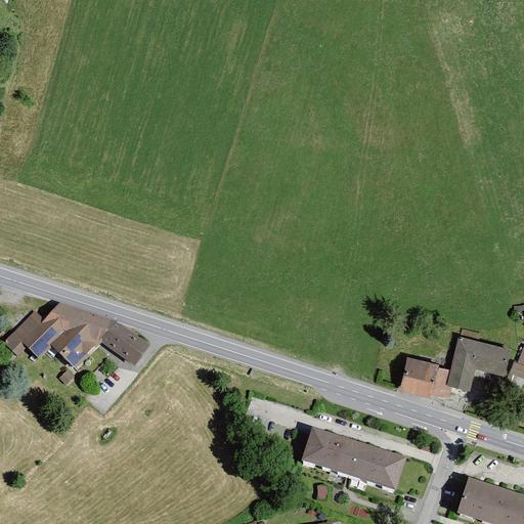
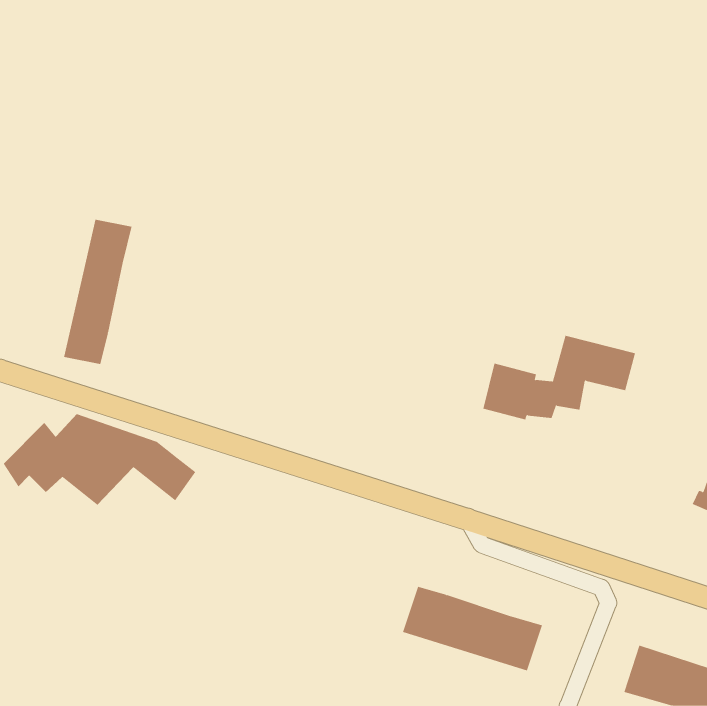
building: none -> [64,219,132,365]
building: [399,335,512,397] -> [483,335,636,420]

